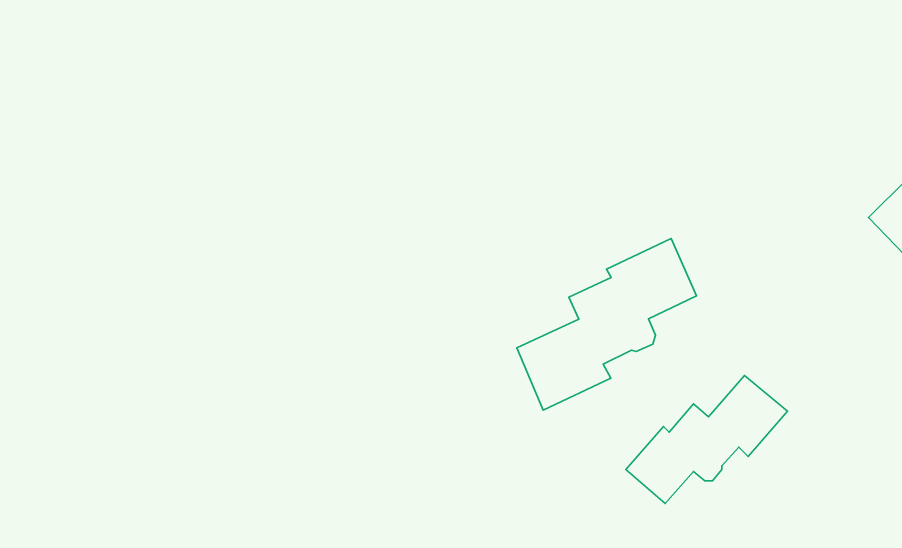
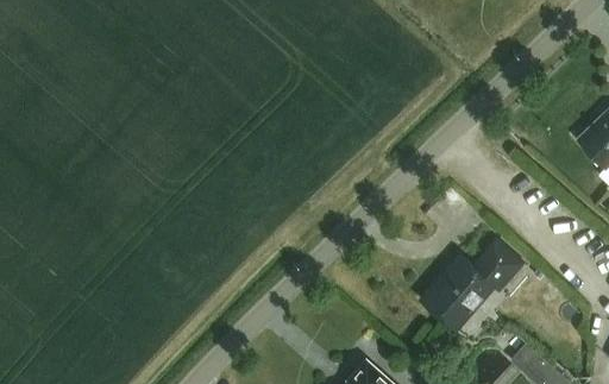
building: [517,239,697,410] -> none

